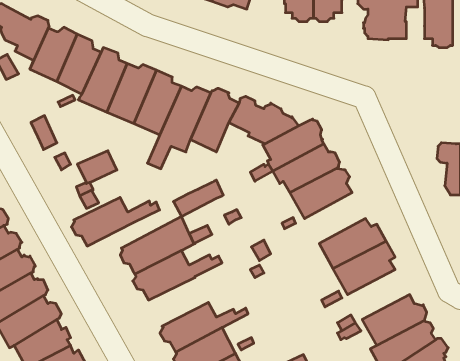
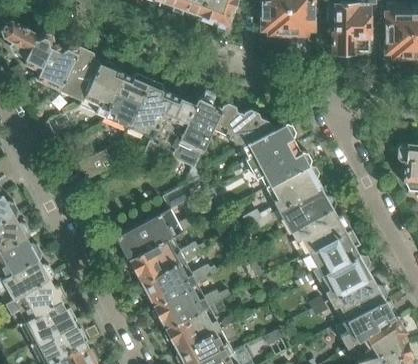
building: none -> [279,188,336,233]
building: [71,197,160,246] -> [139,263,217,306]
building: none -> [317,256,372,300]

